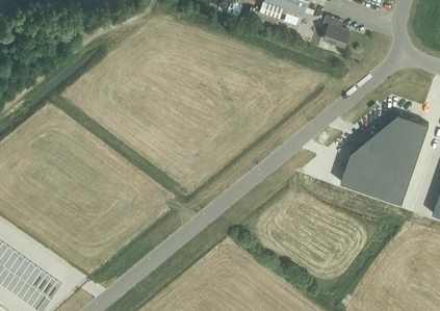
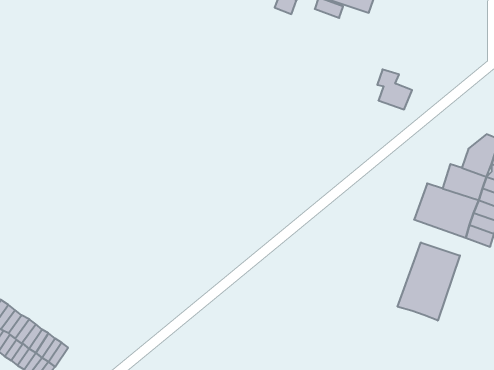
building: [321,17,350,49] -> [377,69,412,109]
building: none -> [398,242,460,321]

